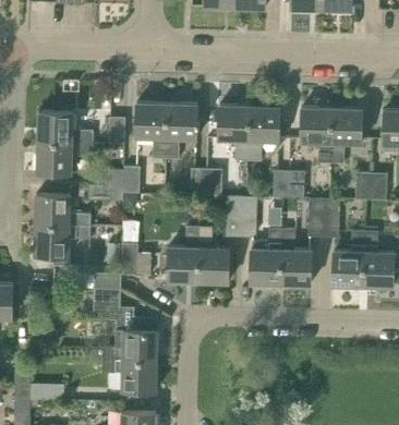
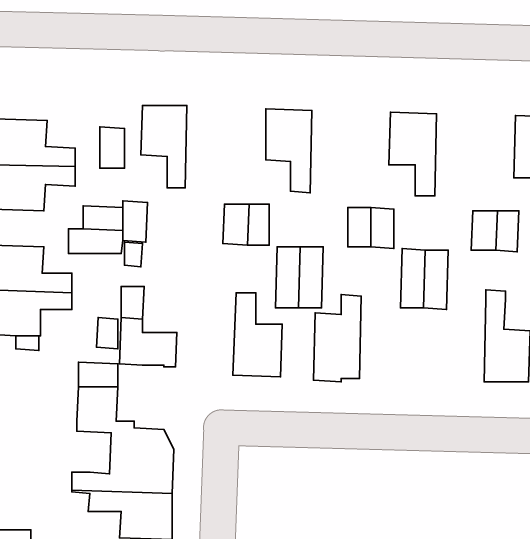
building: [165,104,196,158] -> none
building: [247,107,280,161] -> none
building: [330,109,362,163] -> none
building: [167,228,198,282] -> none
building: [280,230,312,284] -> none
building: [332,231,364,287] -> none

